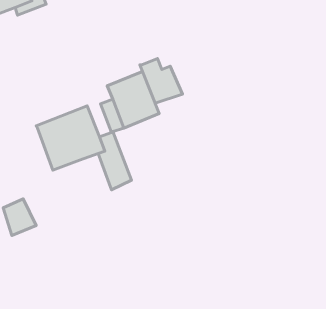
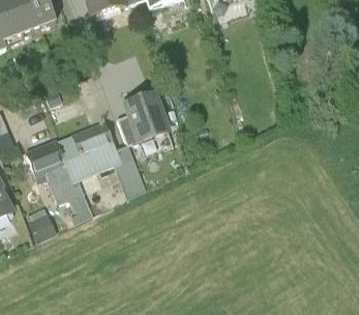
building: [140,58,183,103] -> none
building: none -> [28,141,102,223]

